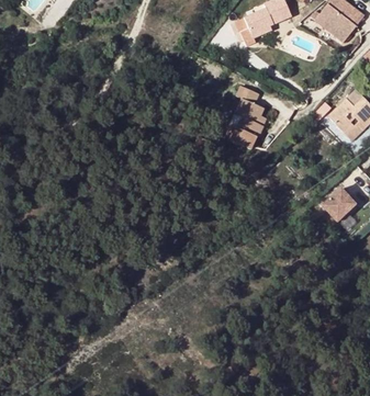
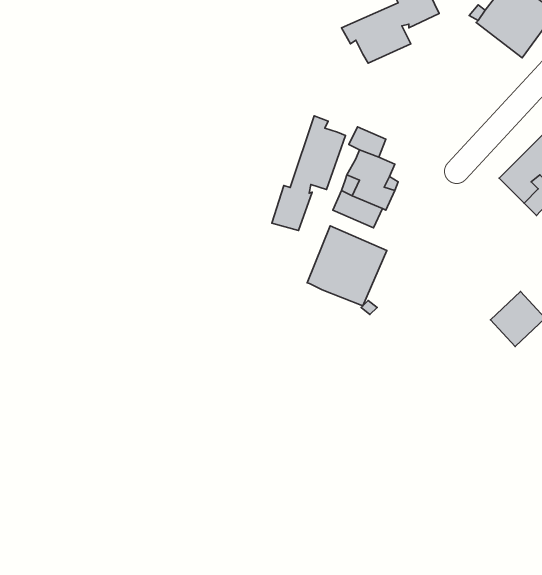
building: none -> [272,116,345,230]
building: none -> [307,226,387,306]

